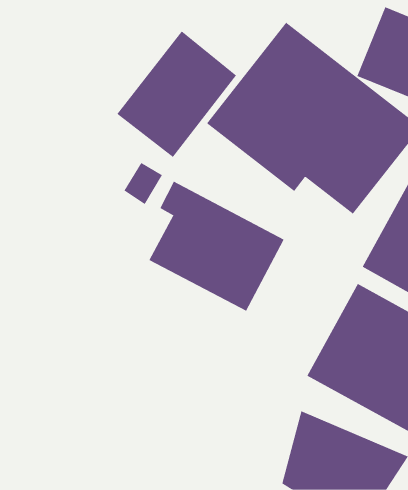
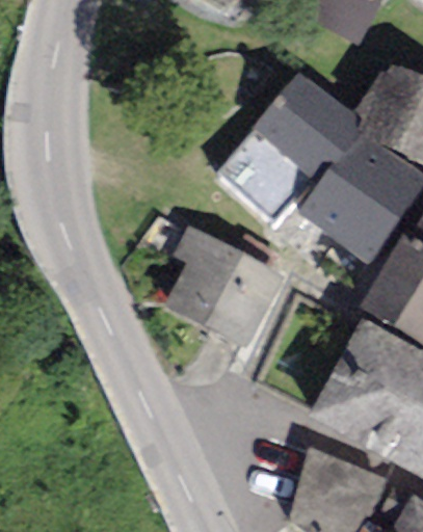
building: [117,31,237,158] -> none

